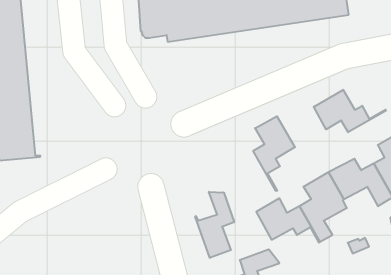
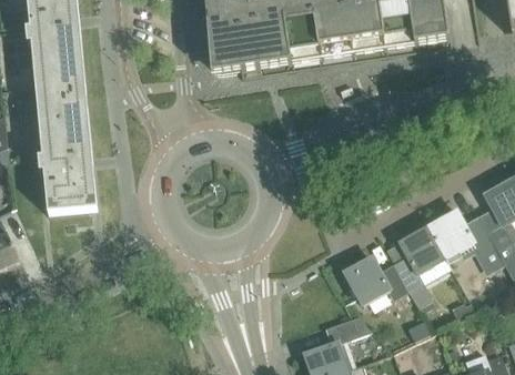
building: [314,90,386,132] -> none
building: [253,116,295,191] -> none
building: [195,192,234,258] -> none

